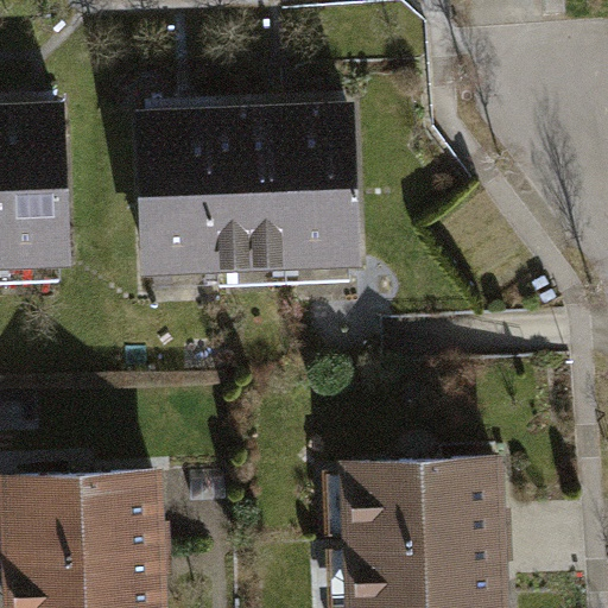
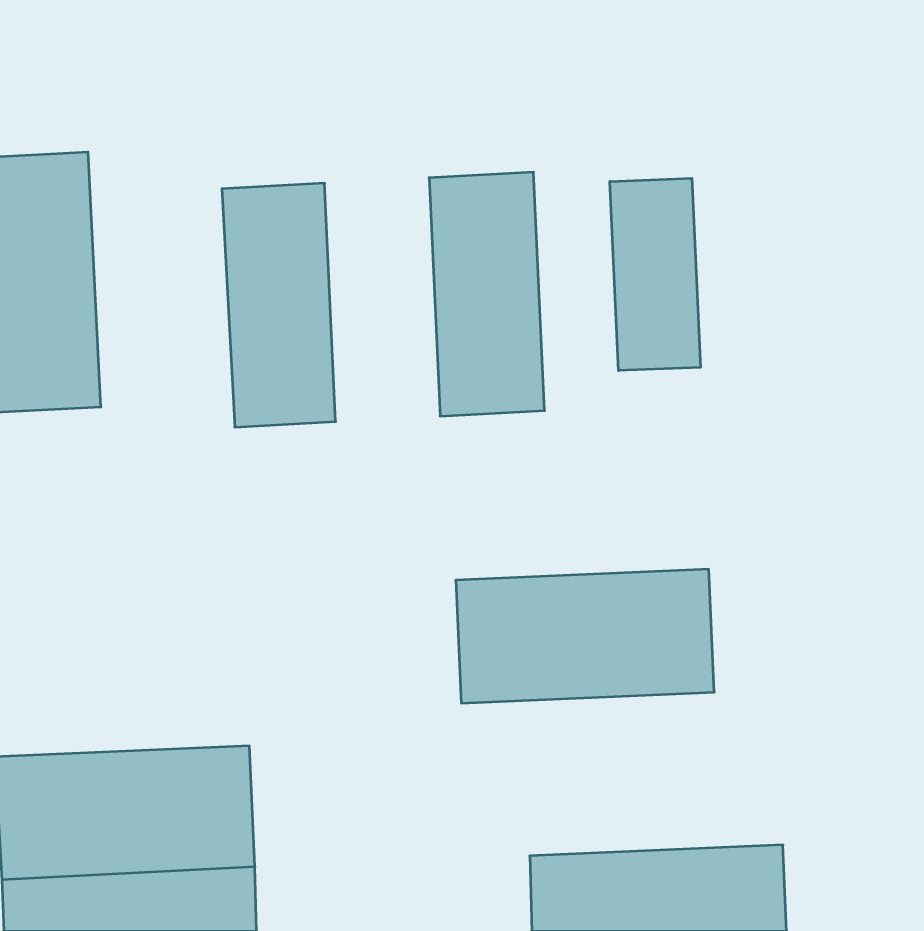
building: [210,115,285,273] -> none
building: none -> [610,178,700,371]
building: [340,468,507,555] -> [456,569,714,703]

